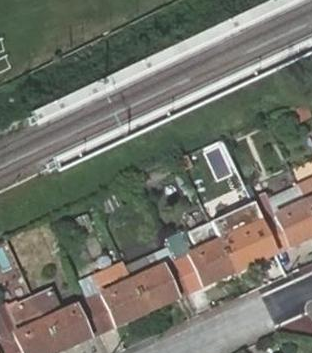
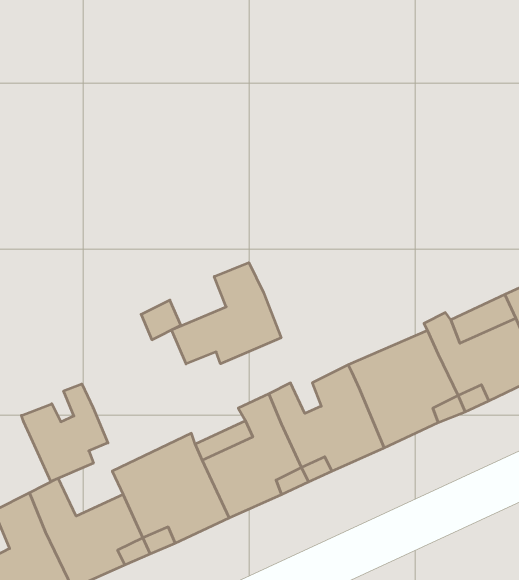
building: none -> [172,263,281,364]
building: none -> [21,384,108,481]

